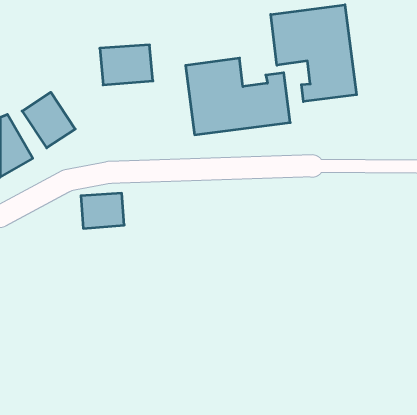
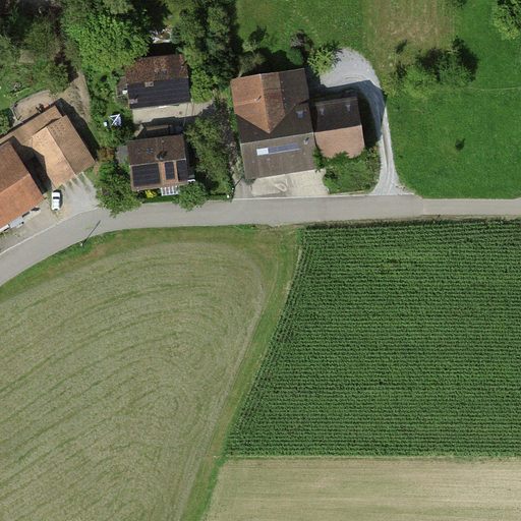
building: [271,5,357,102] -> none
building: [81,193,124,228] -> [129,142,183,186]

